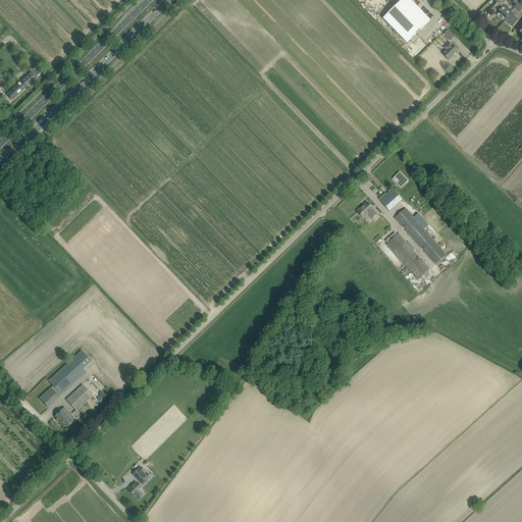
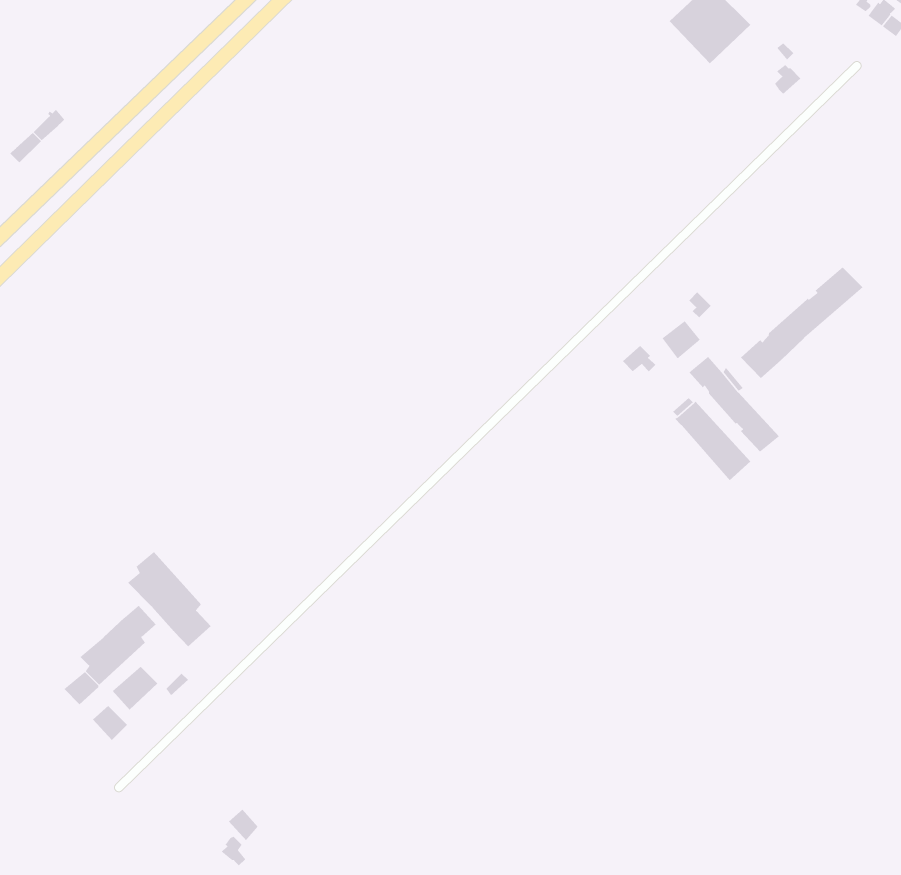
building: none -> [740,266,863,379]
building: none -> [127,551,212,647]

